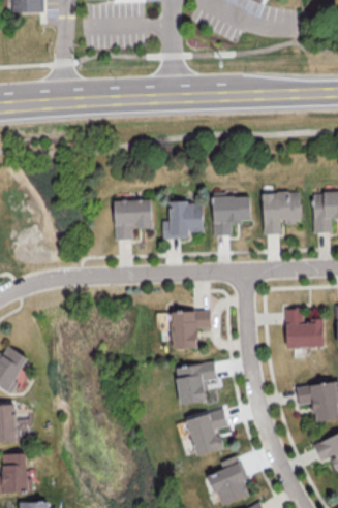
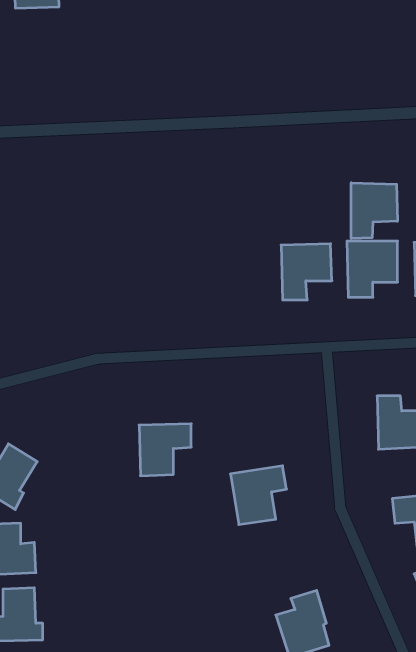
building: none -> [351,183,397,238]
building: [114,199,153,240] -> none
building: [163,201,204,239] -> none
building: [172,310,211,349] -> [139,424,191,476]
building: [186,408,228,455] -> none

